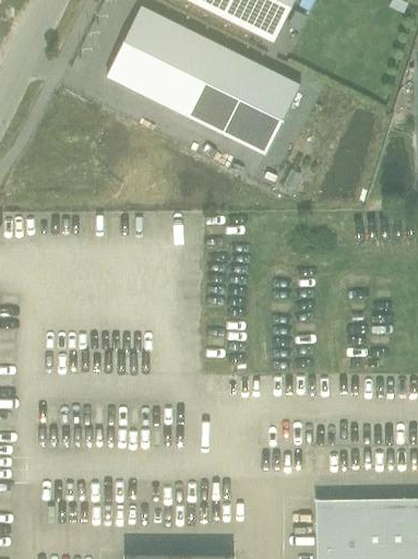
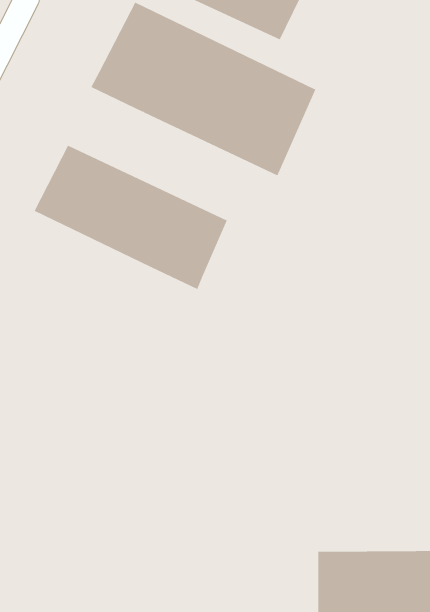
building: none -> [34,145,227,290]

